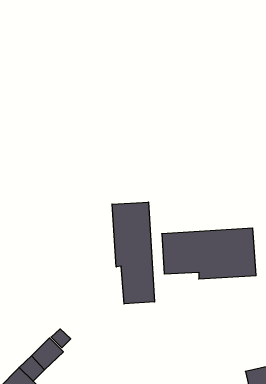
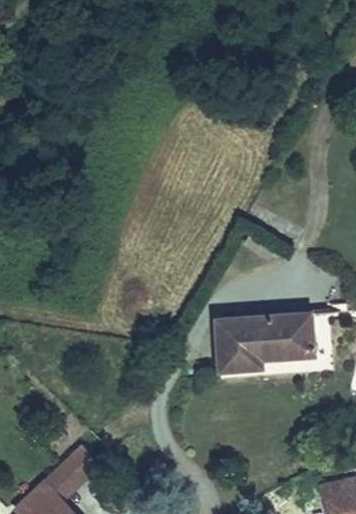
building: [112,202,155,304] -> none

